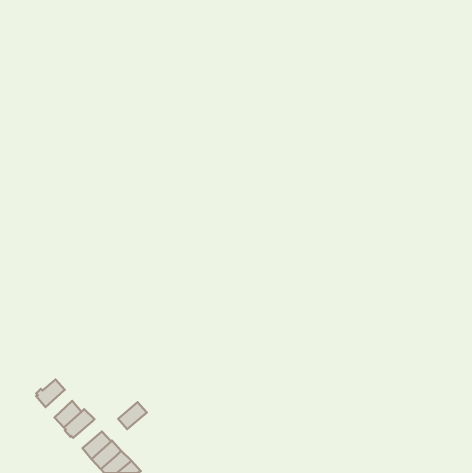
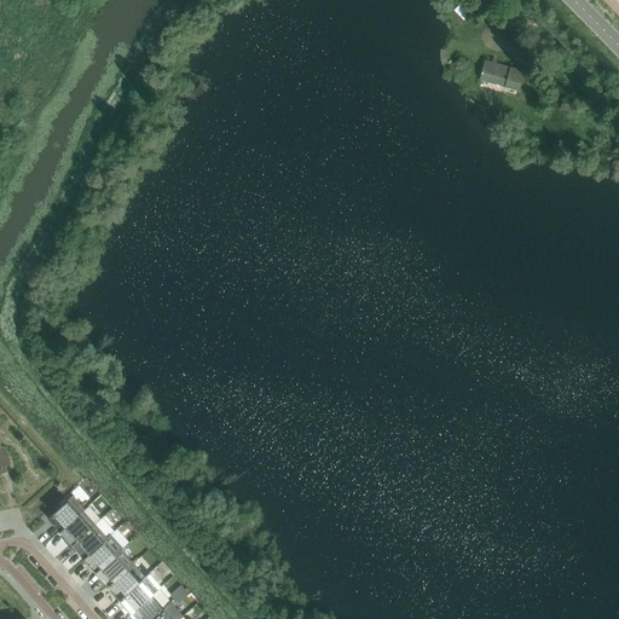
building: none -> [481,60,525,91]
building: none -> [60,510,96,545]
building: [118,402,147,429] -> [97,550,134,585]

